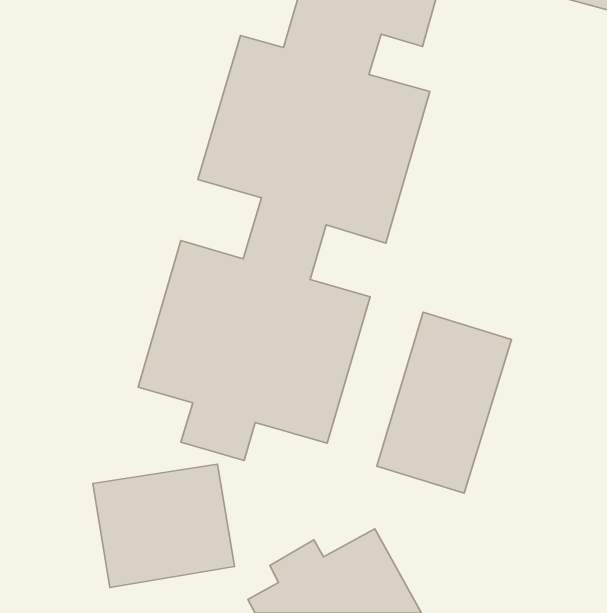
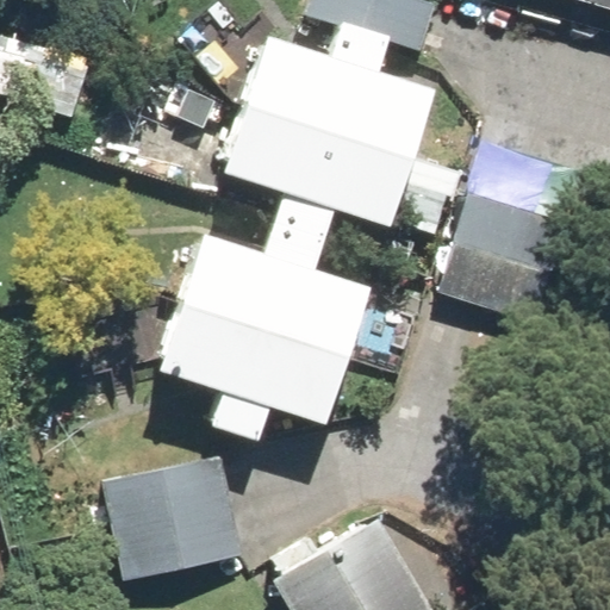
building: none -> [436,185,573,319]
building: [377,312,512,493] -> none

